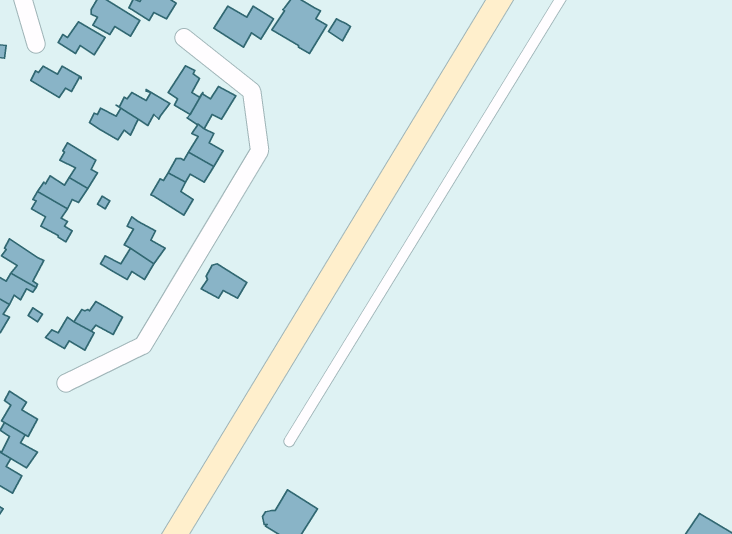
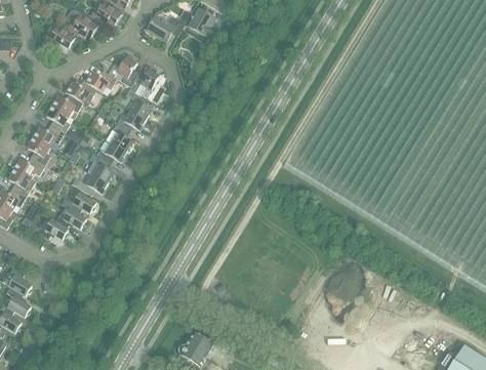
building: [31,66,81,98] -> [50,94,83,115]
building: none -> [12,157,44,178]
building: [201,264,247,298] -> [96,138,126,161]
building: none -> [60,191,95,212]

